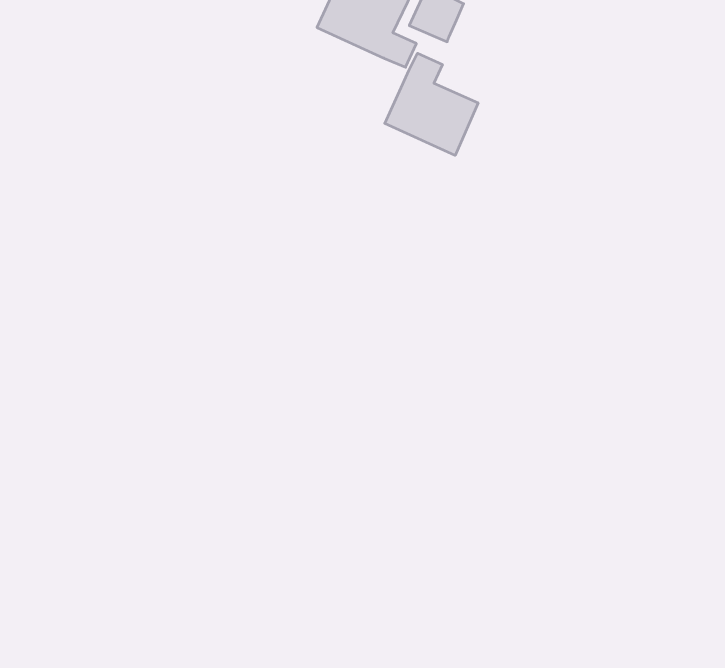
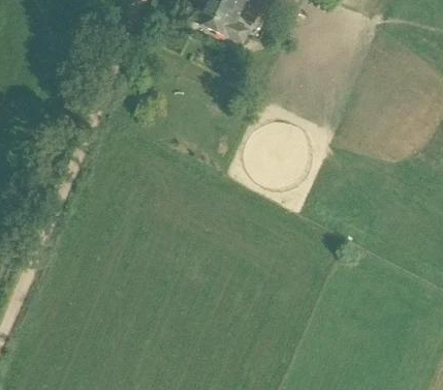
building: [385,53,478,155] -> none

